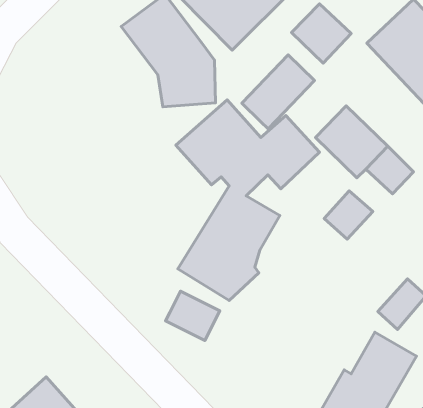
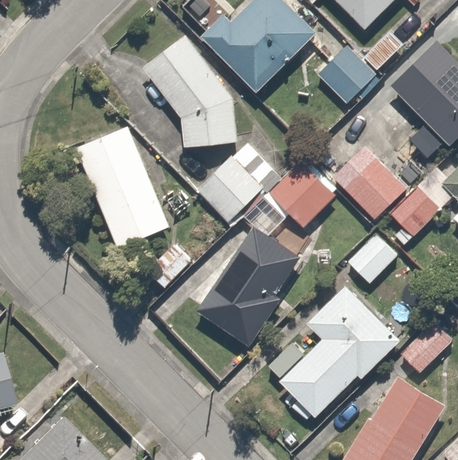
building: [242,55,315,129] -> none
building: none -> [75,126,169,246]
building: none -> [279,286,401,415]
building: [166,291,220,341] -> none

